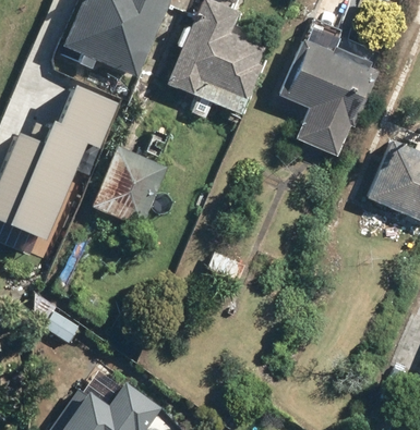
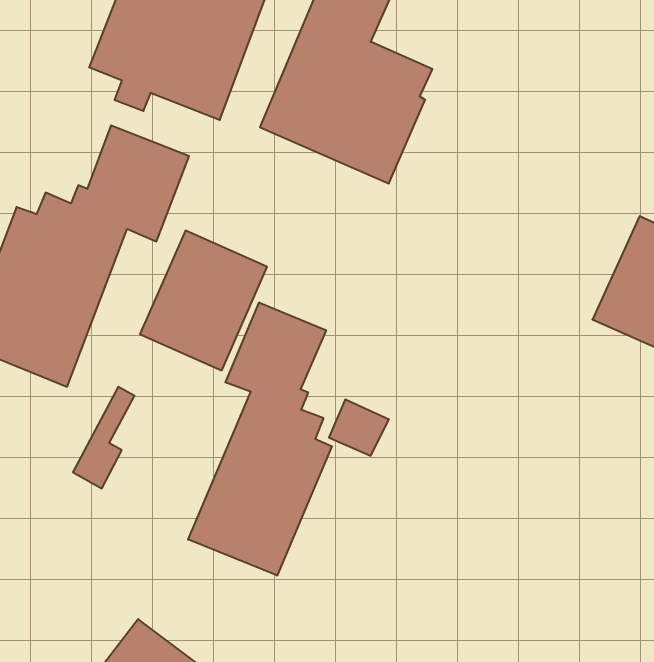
building: [284,40,380,157] -> none
building: none -> [188,302,332,576]

